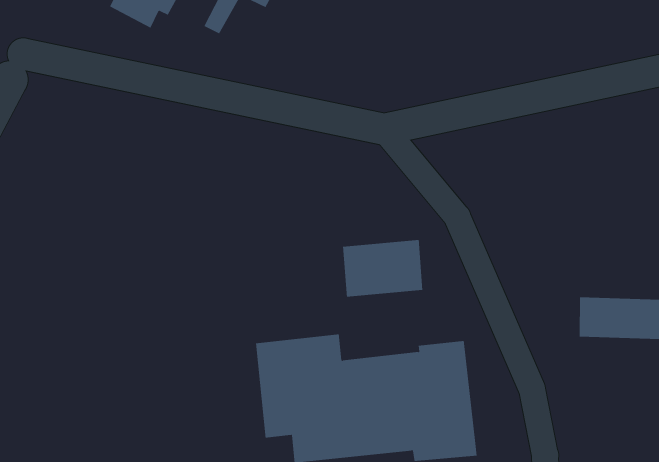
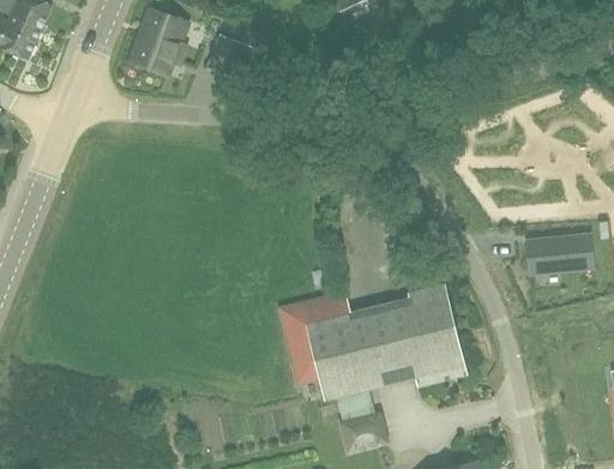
building: [343,239,423,297] -> none

